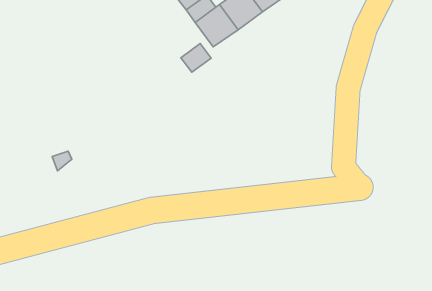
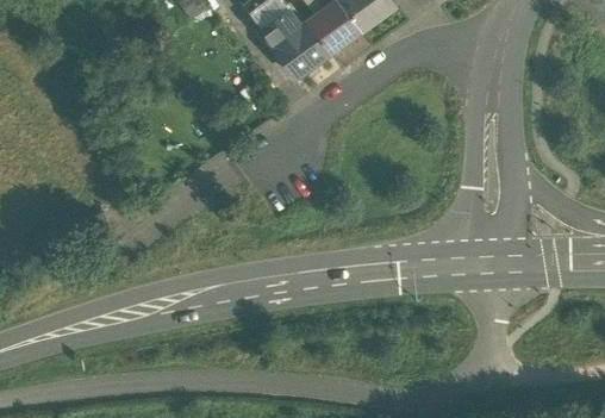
building: [181,44,211,72] -> none

